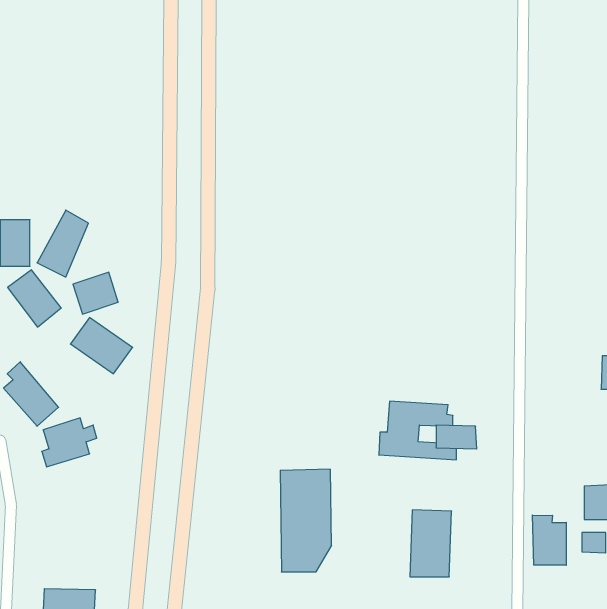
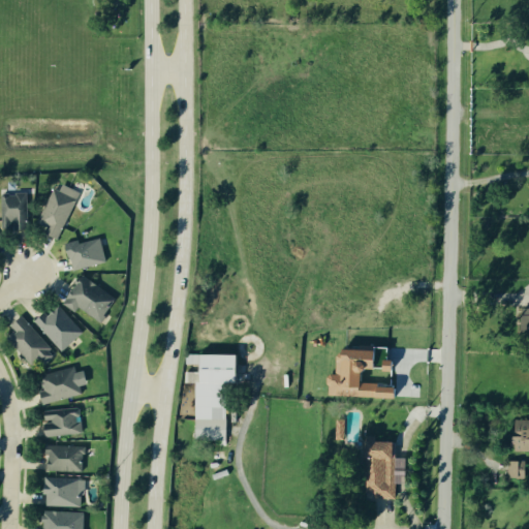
building: [8,270,61,327] -> [37,302,84,351]
building: none -> [42,406,81,436]
building: [280,469,332,572] -> [190,354,235,443]
building: none -> [42,443,84,472]
building: [532,515,566,565] -> none
building: none -> [41,476,84,506]

